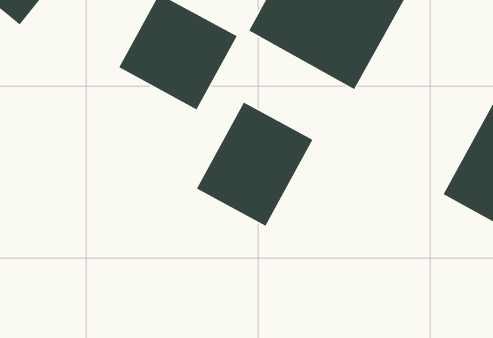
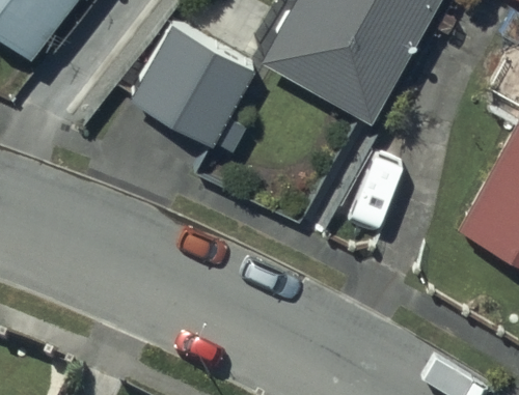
building: [196,102,313,227] -> none

